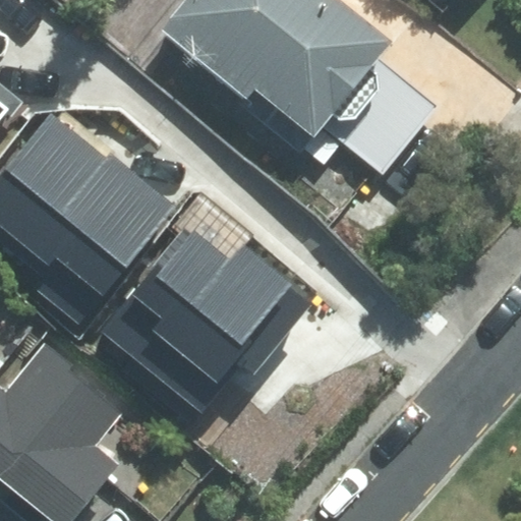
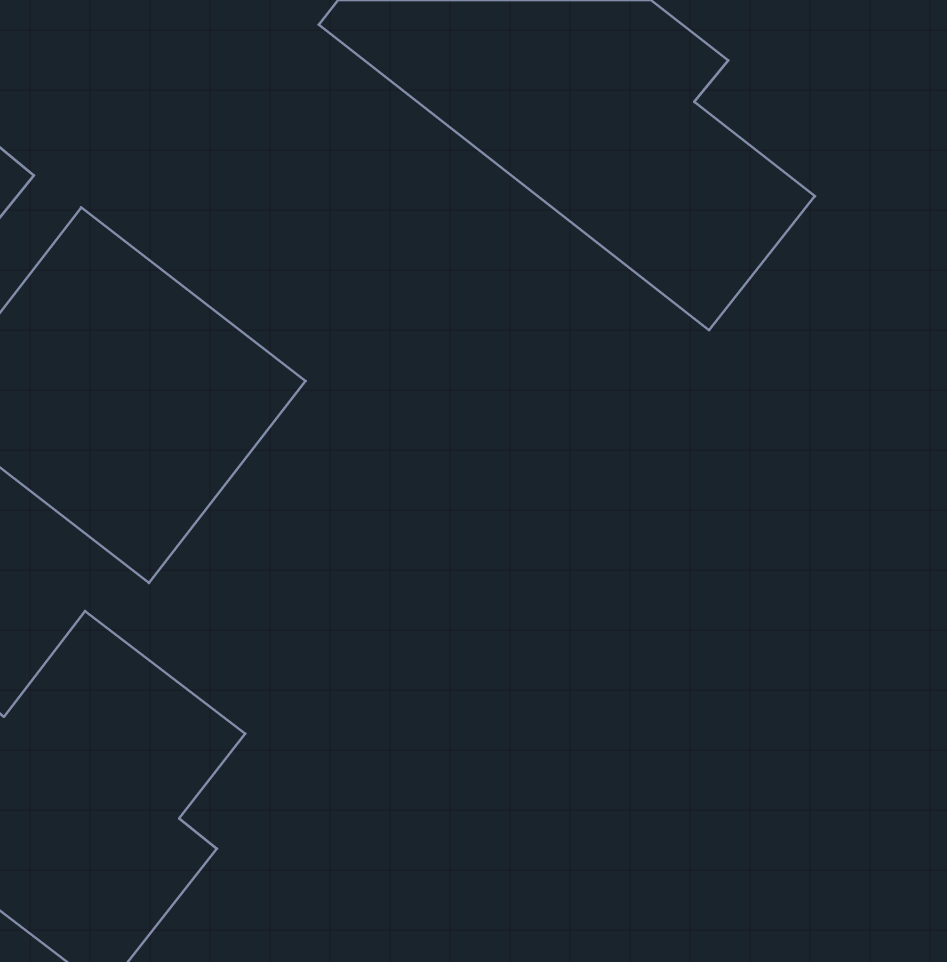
building: [101,238,312,404] -> none

